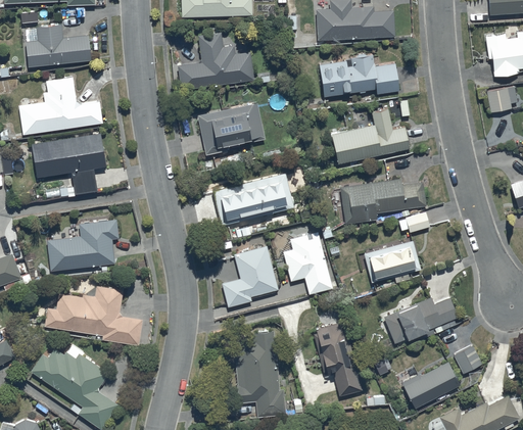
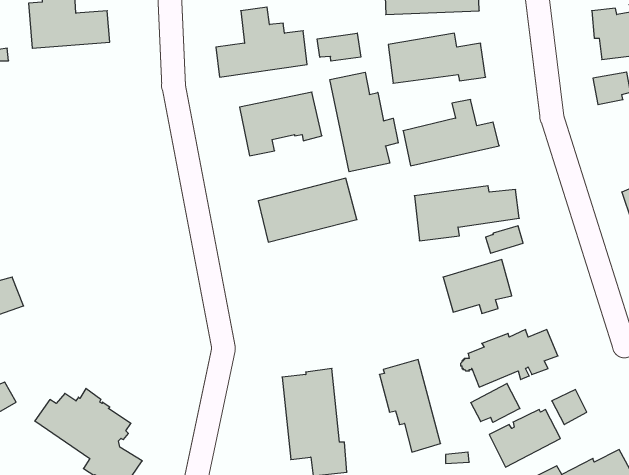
building: none -> [317,33,361,61]
building: [18,77,103,135] -> none
building: none -> [330,72,398,172]
building: [31,133,106,193] -> none
building: [46,219,118,272] -> none
building: [283,232,333,294] -> none
building: [222,246,279,307] -> none
building: [45,286,143,345] -> none
building: none -> [471,383,520,422]

